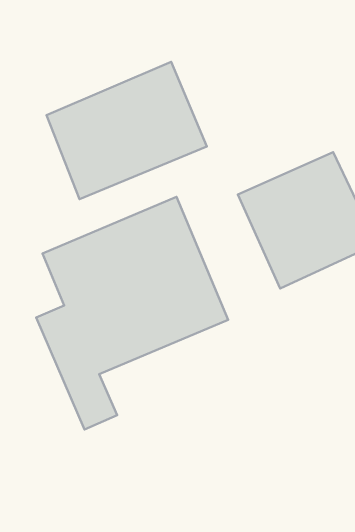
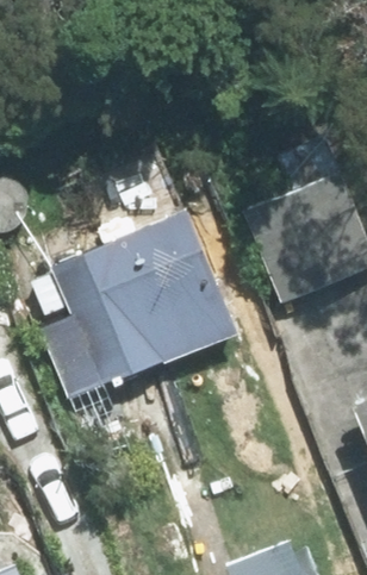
building: [47,62,207,199] -> none

